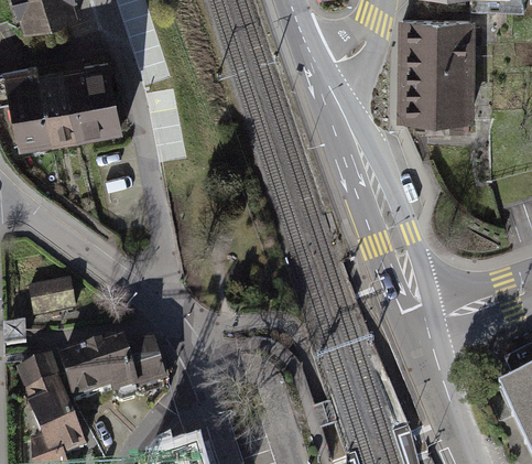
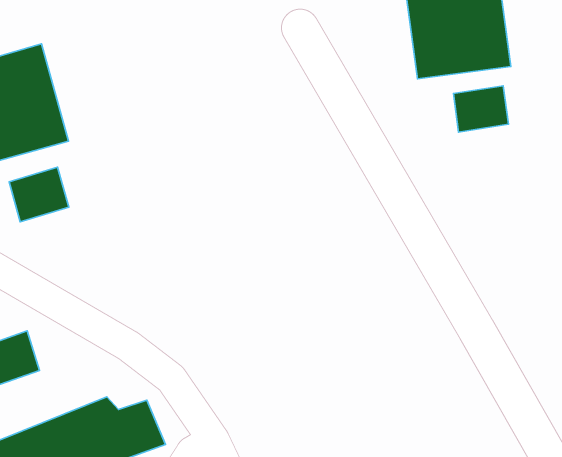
building: none -> [453,86,508,132]
building: none -> [9,167,69,222]

